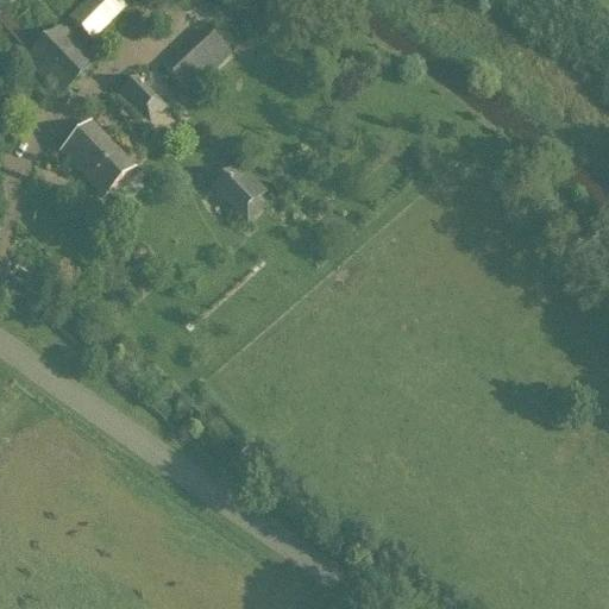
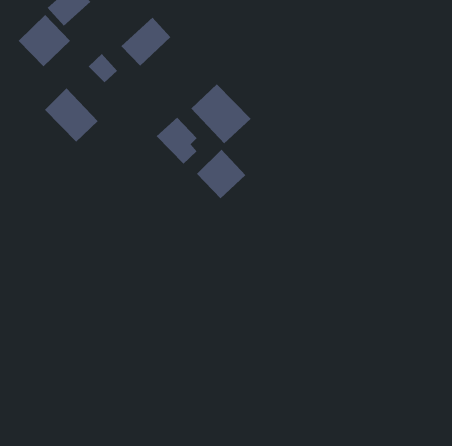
building: none -> [191,83,251,144]
building: none -> [196,149,246,199]

